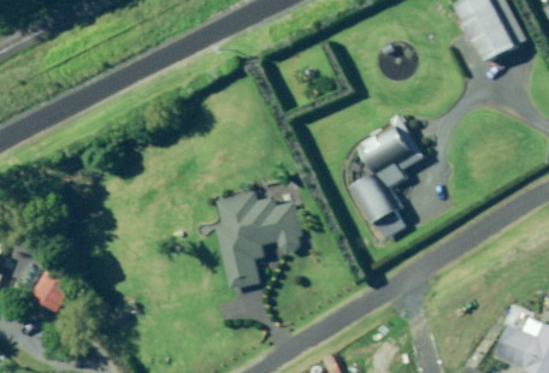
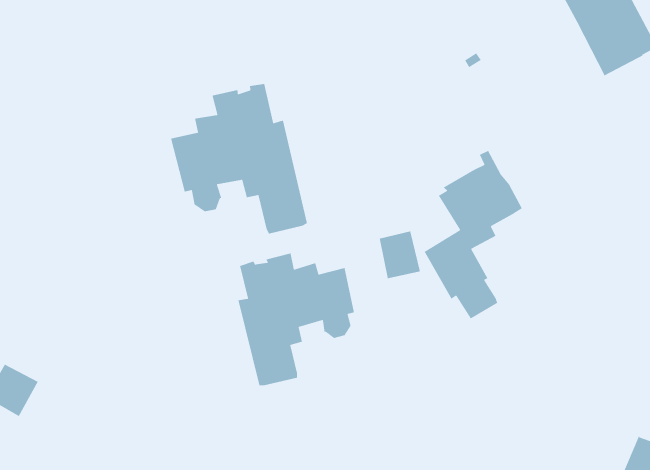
building: none -> [170,83,308,234]
building: none -> [379,230,421,279]

